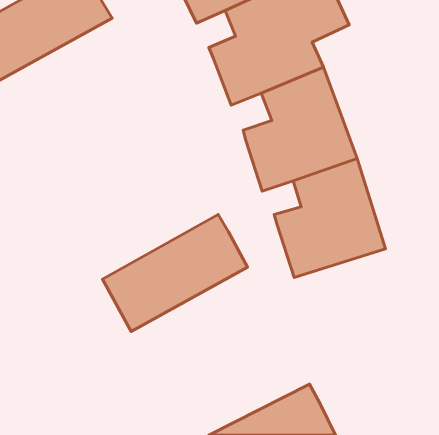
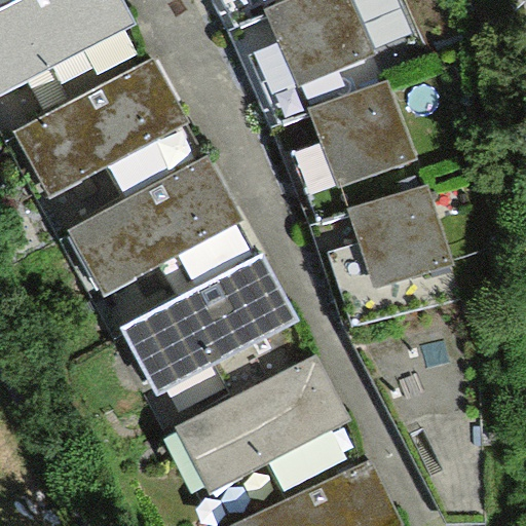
building: none -> [12,58,188,201]
building: none -> [68,155,242,297]
building: none -> [177,355,348,493]

